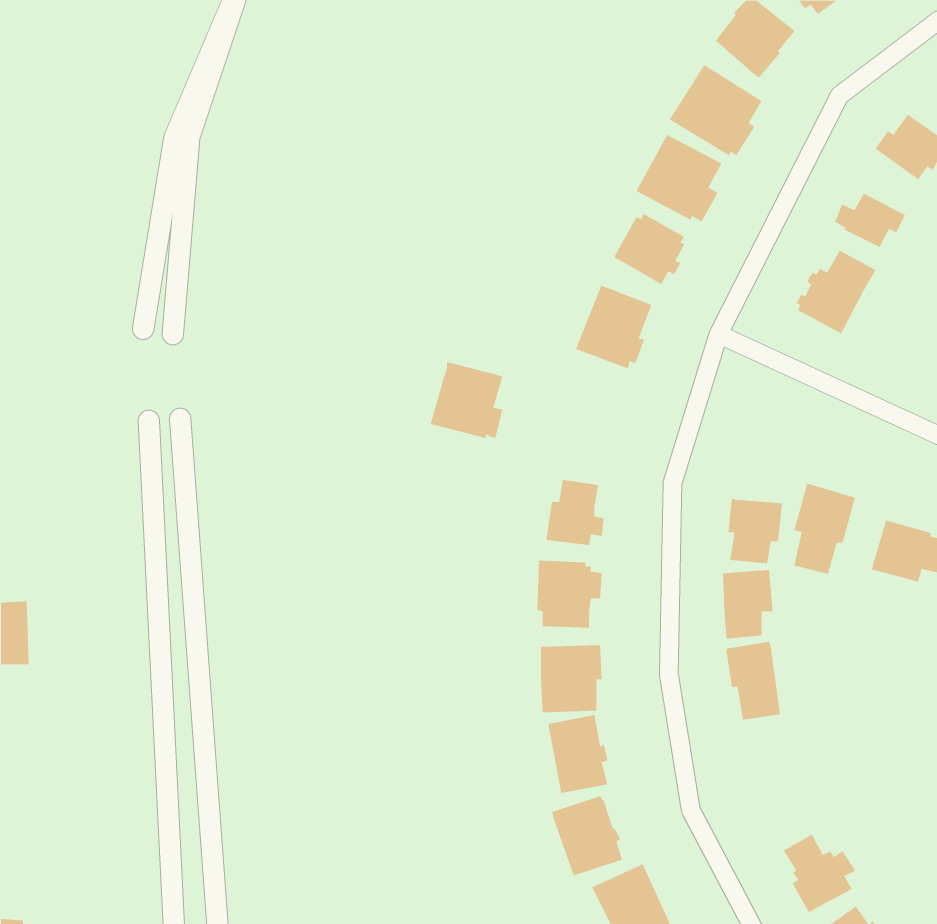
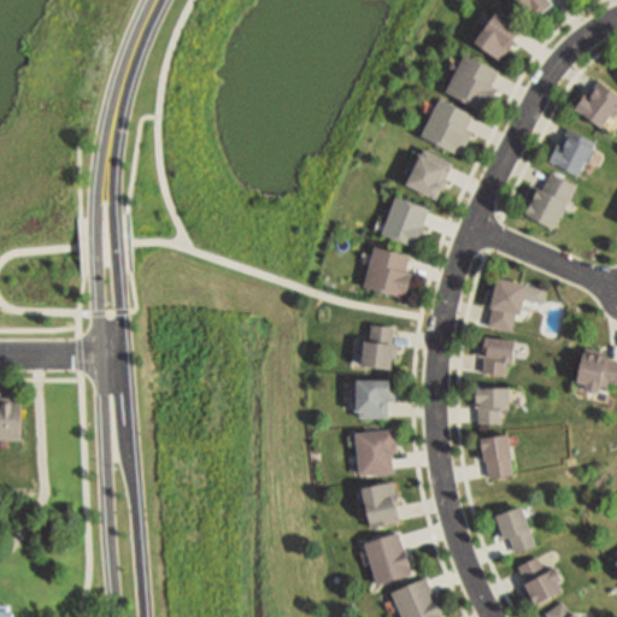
building: [430,362,503,439] -> [363,245,411,295]
building: [794,483,856,575] -> [487,275,528,335]
building: none -> [494,506,534,559]

